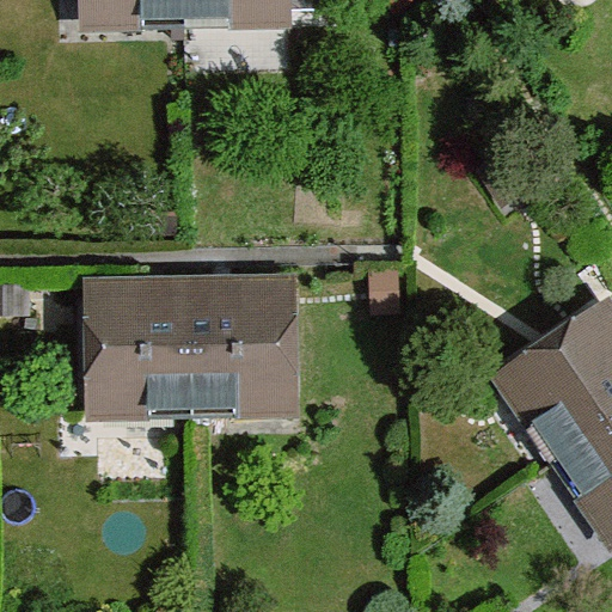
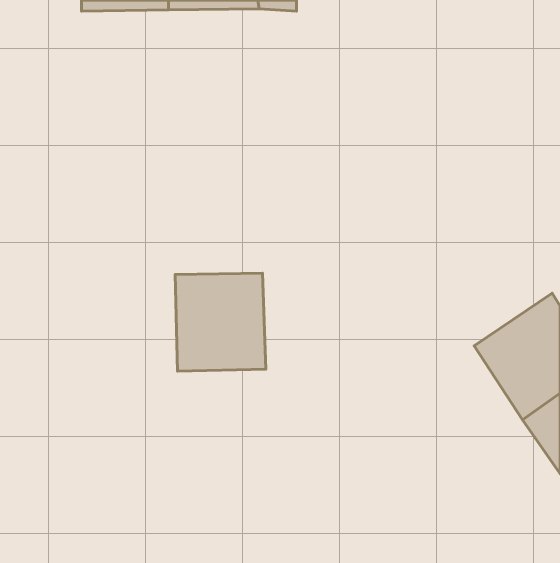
building: [93,298,192,406] -> none

